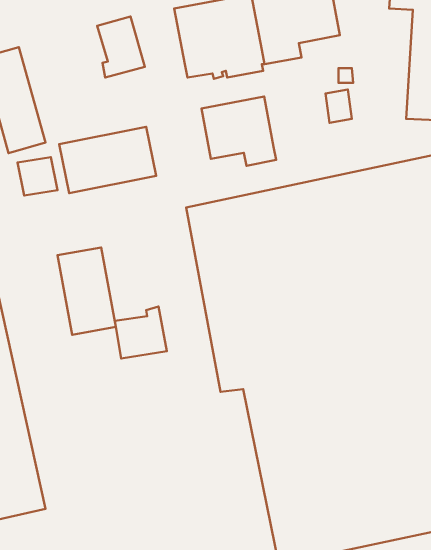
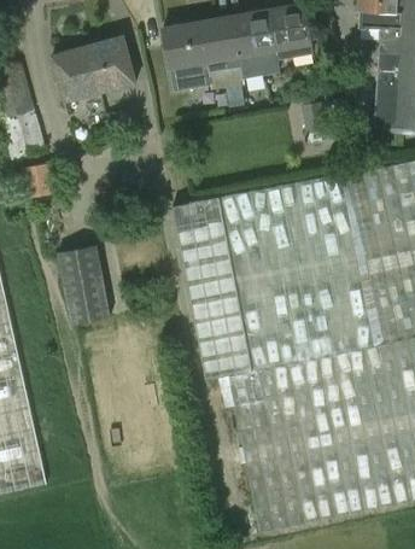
building: none -> [53,43,103,100]
building: [201,97,276,166] -> none
building: [59,127,156,193] -> none
building: [115,307,167,358] -> none

